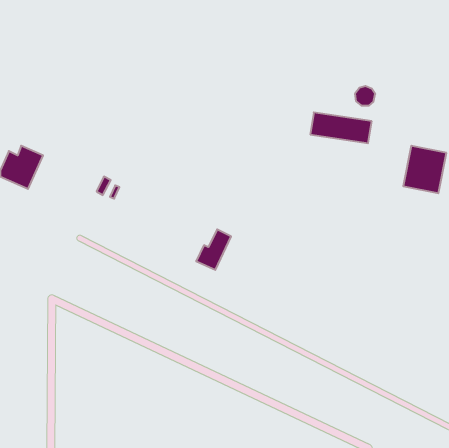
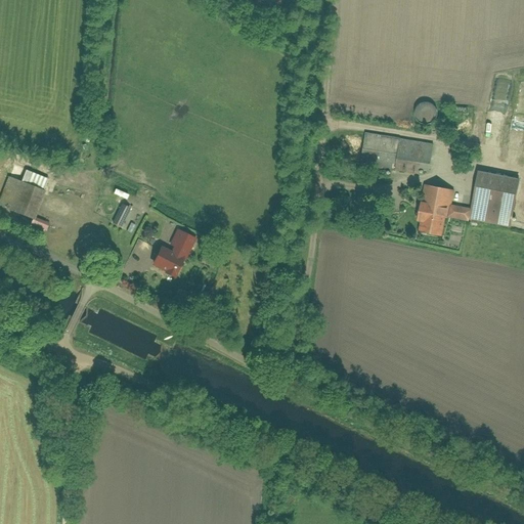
building: none -> [419,185,452,234]
building: [196,229,231,270] -> [152,230,193,277]

